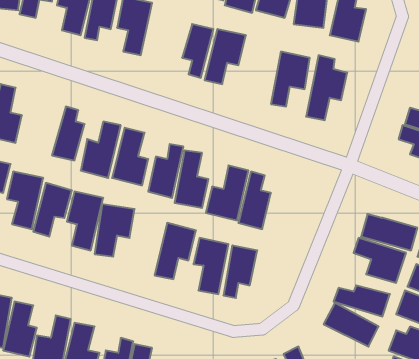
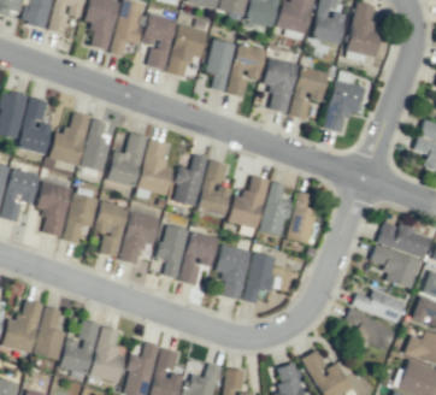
building: none -> [169,24,208,77]
building: none -> [265,59,297,113]
building: none -> [51,113,90,165]
building: none -> [288,191,317,244]
building: none -> [159,225,188,279]

